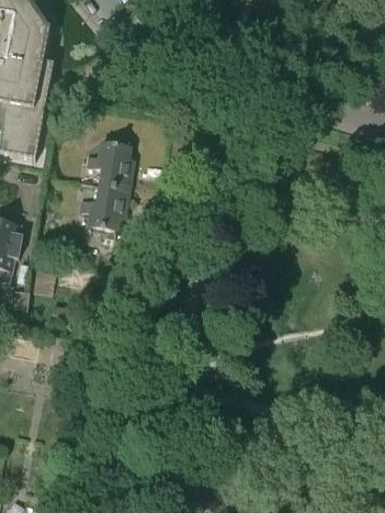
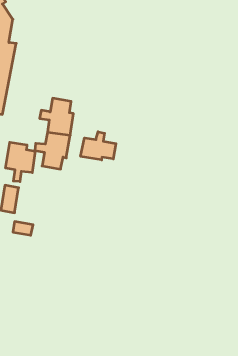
building: none -> [81,132,116,160]
building: none -> [6,142,35,182]

